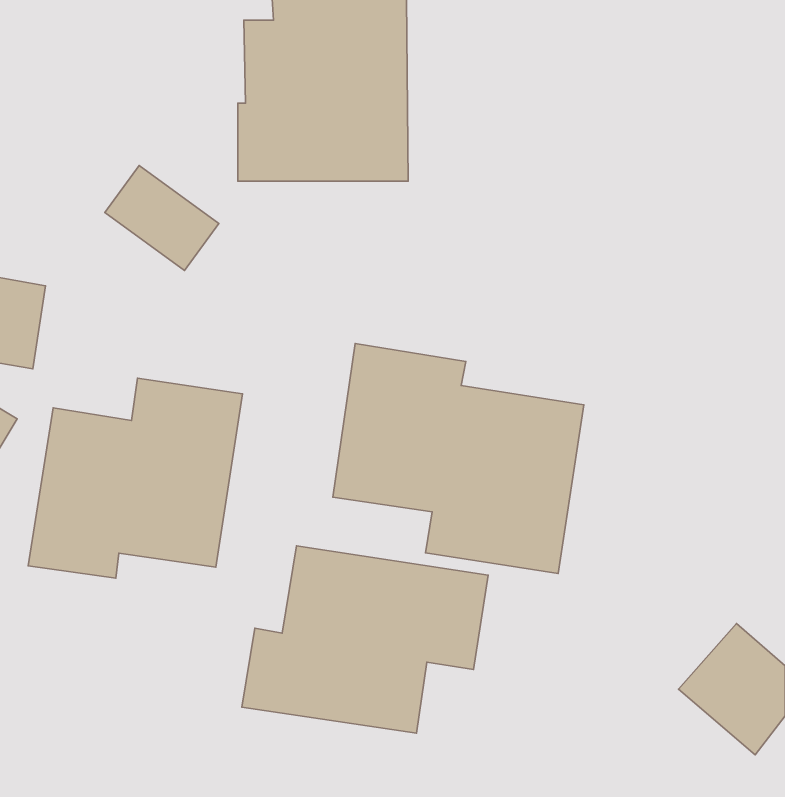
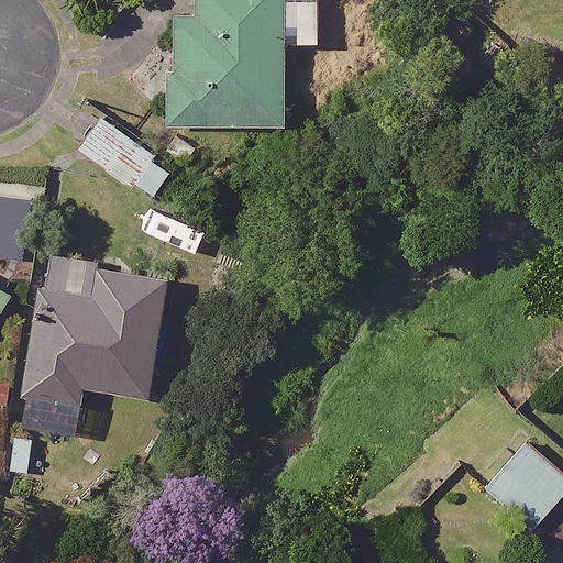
building: [333,344,584,573] -> none
building: [242,546,488,733] -> none

